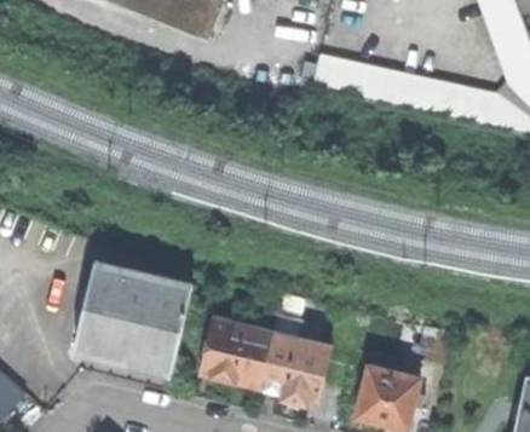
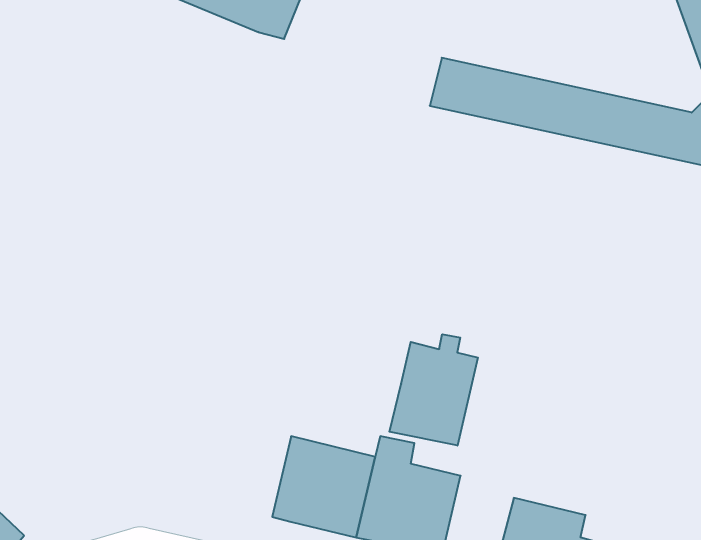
building: none -> [389,334,478,446]
building: [74,259,192,371] -> none

